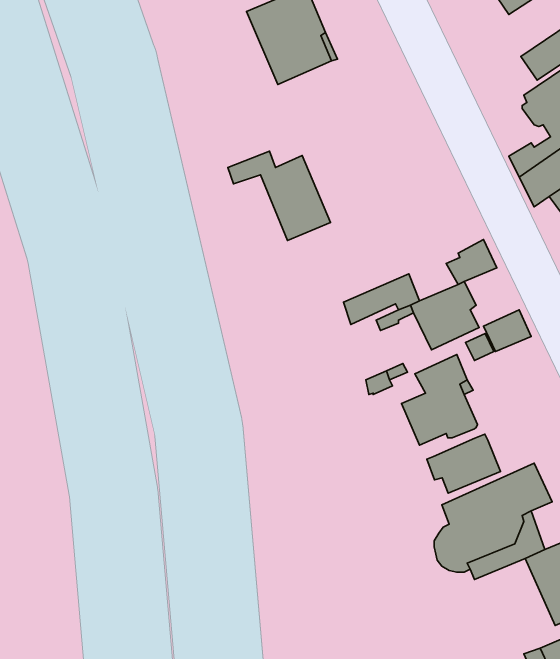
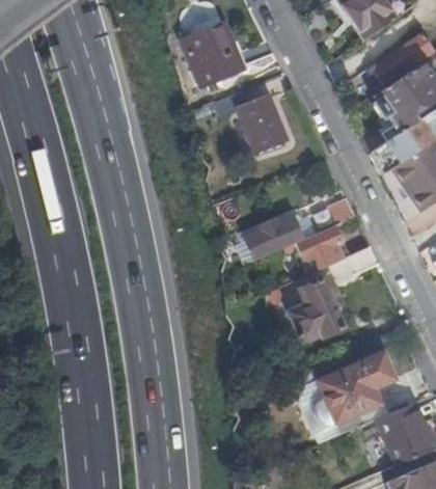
building: [228,151,331,241] -> [215,89,287,152]
building: [427,434,501,493] -> none

